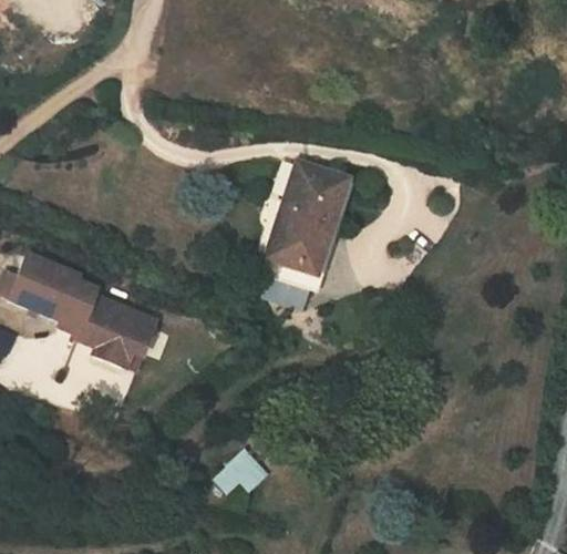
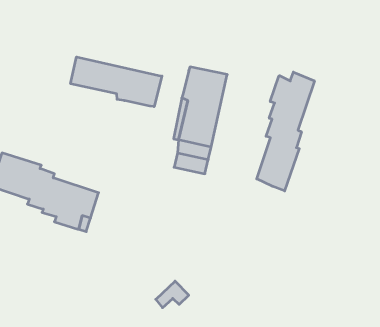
building: none -> [71,57,162,107]
building: none -> [257,72,314,191]

